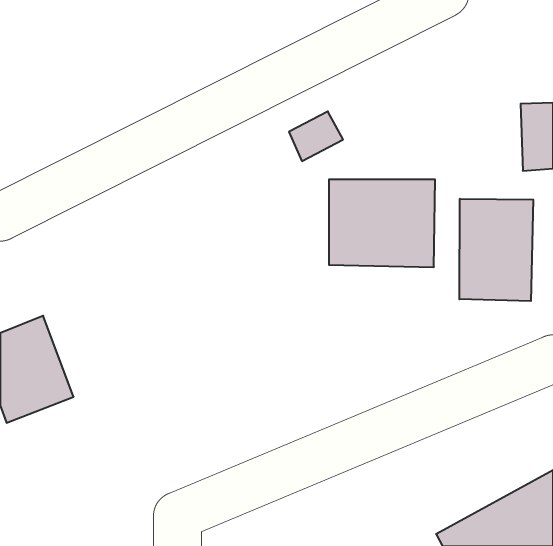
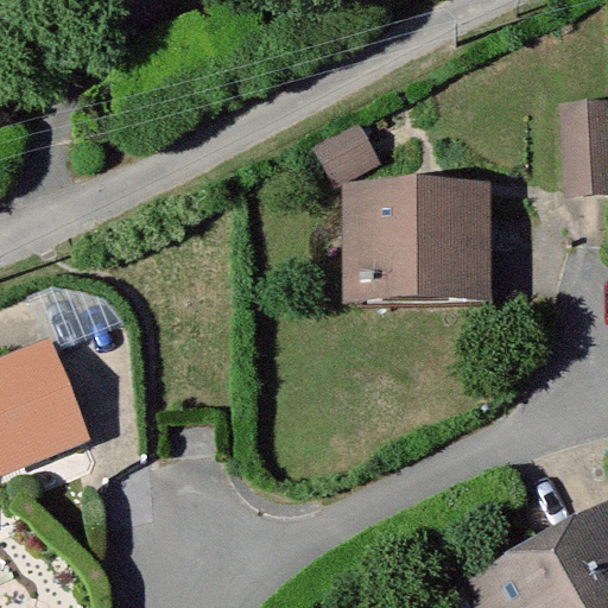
building: [459,199,533,301] -> none

